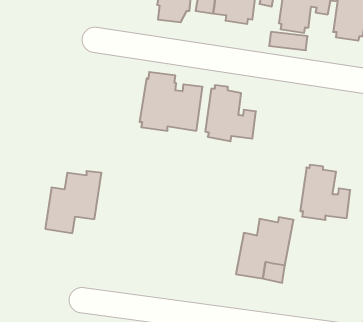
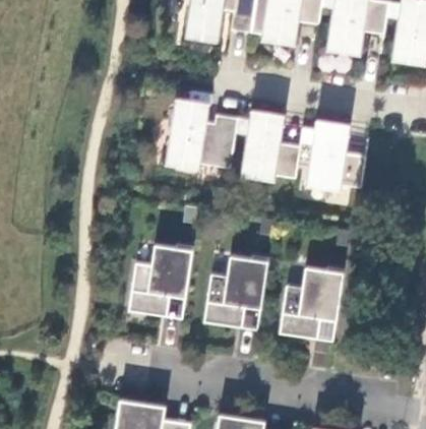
building: [300,165,350,220] -> [307,126,365,190]
building: [45,171,101,233] -> [129,245,194,317]
building: none -> [204,254,268,326]

